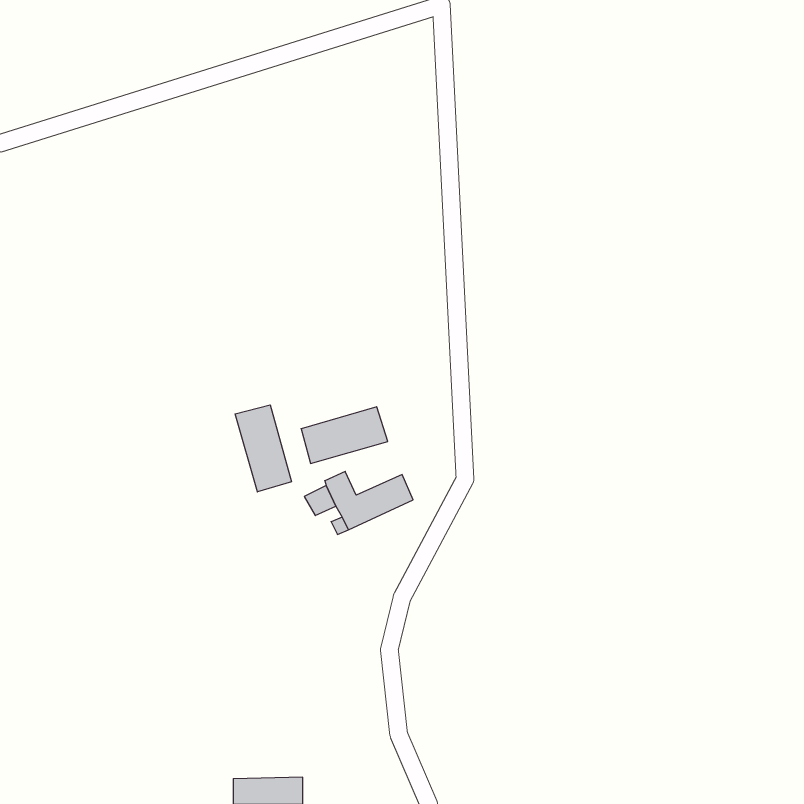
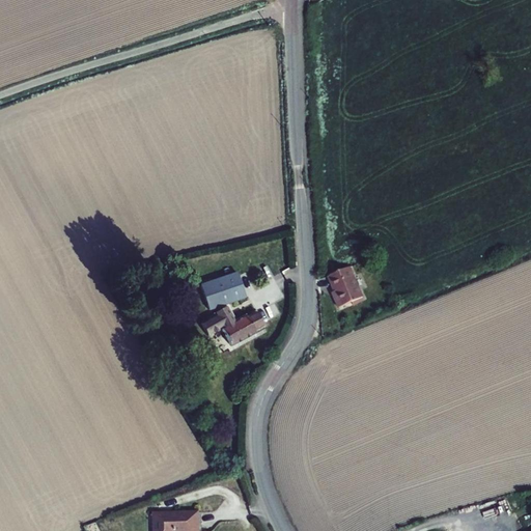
building: [235,405,292,492] -> none
building: none -> [328,268,363,309]

